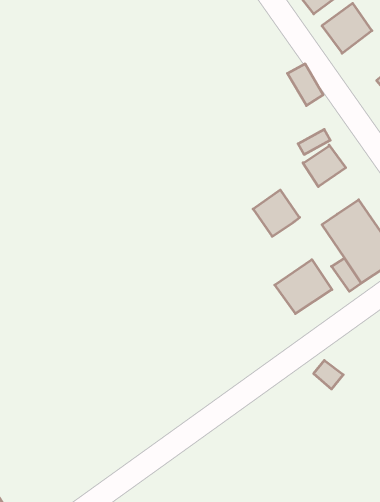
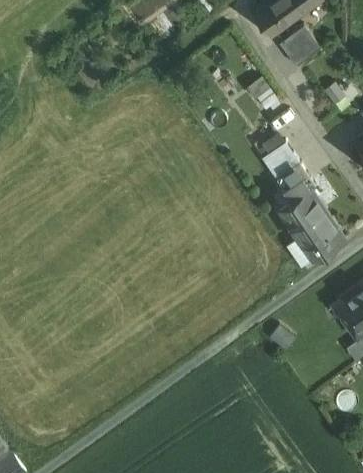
building: [253,190,300,236] -> [276,162,315,201]
building: [275,260,332,314] -> none

